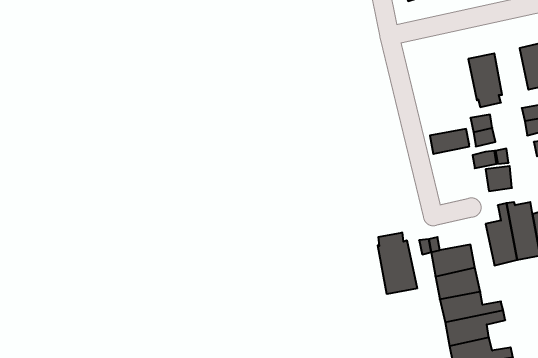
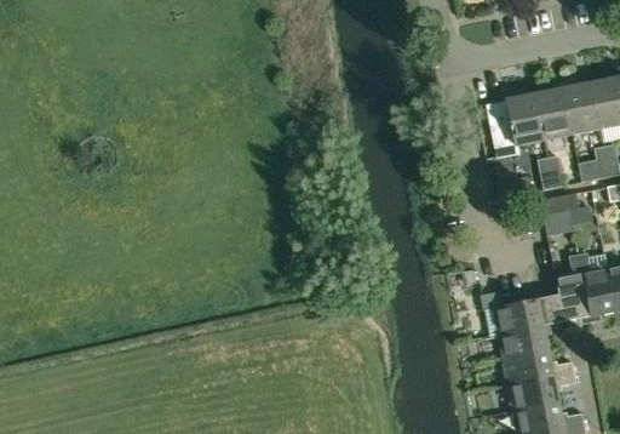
building: none -> [564,81,602,133]
building: none -> [487,93,545,156]
building: [378,232,417,294] -> none

